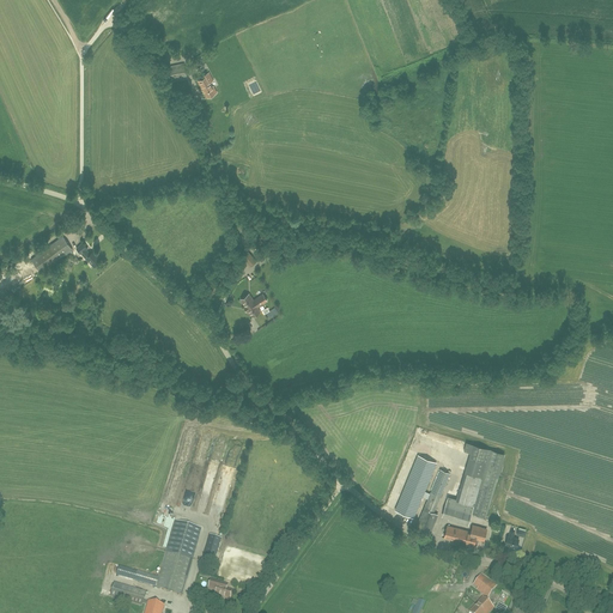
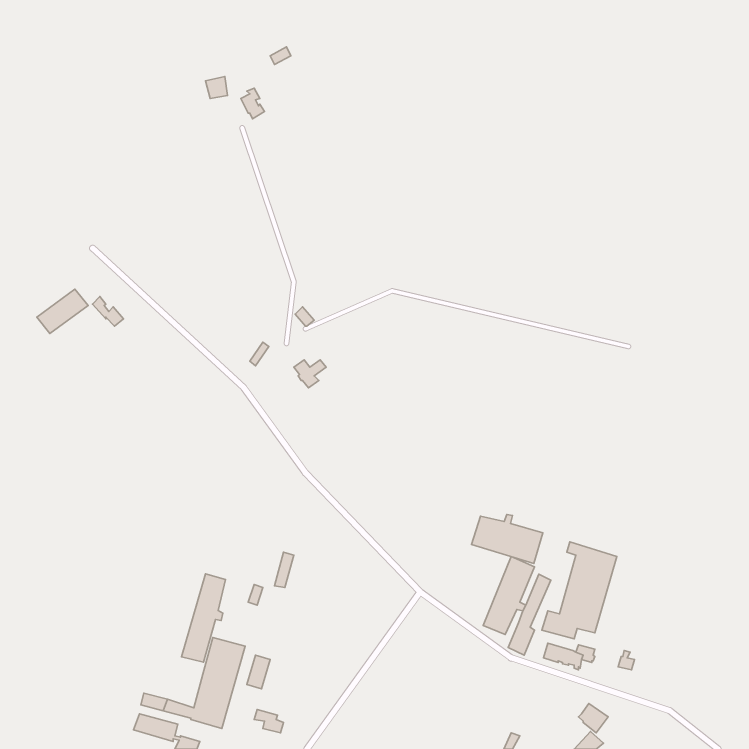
building: none -> [472,515,543,564]
building: none -> [182,574,225,662]

